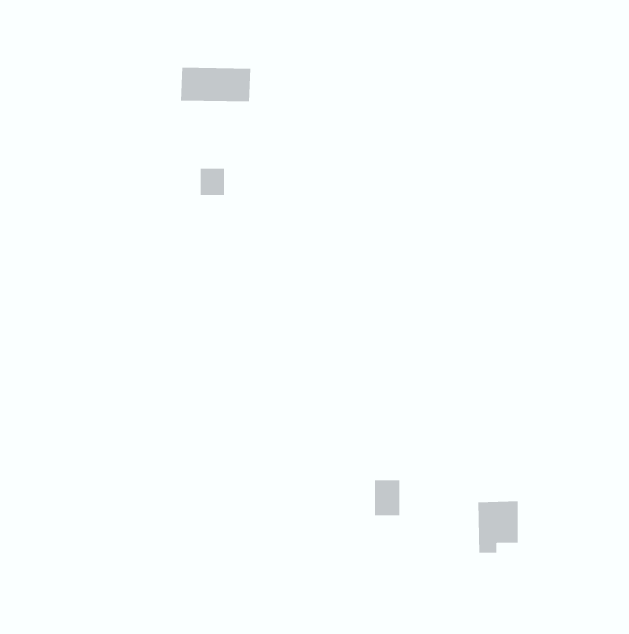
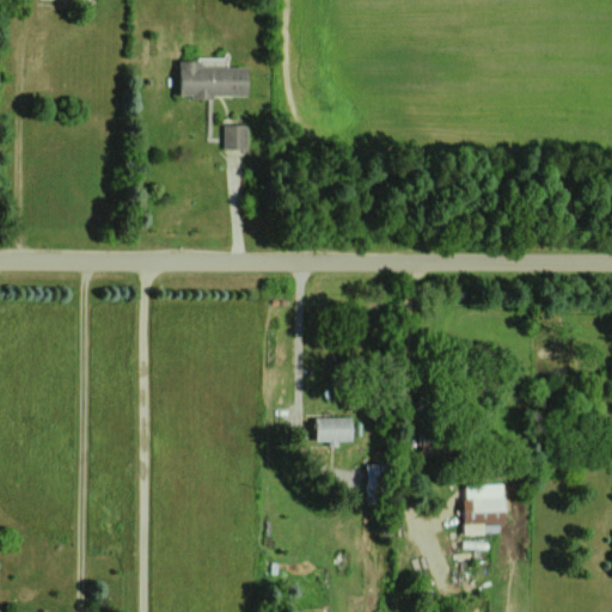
building: [200,168,225,195] -> [226,124,250,151]
building: none -> [316,417,351,441]

